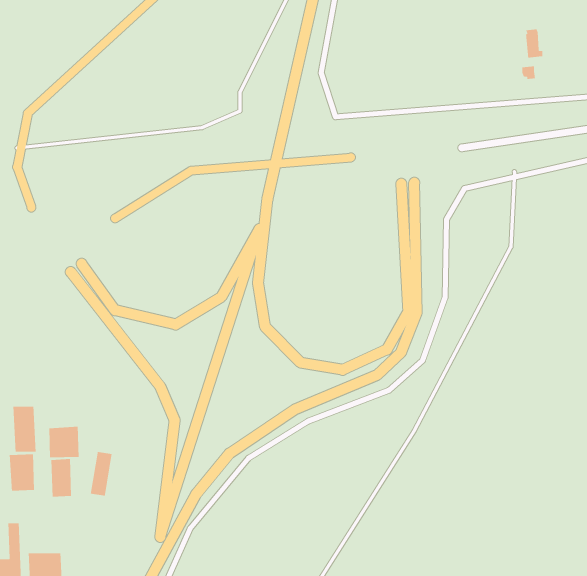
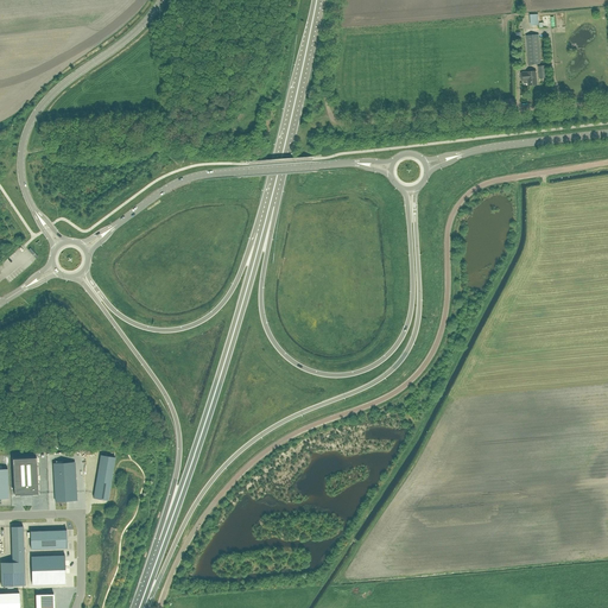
building: [13,406,36,452] -> none
building: [48,426,79,458] -> none
building: none -> [30,530,66,549]

